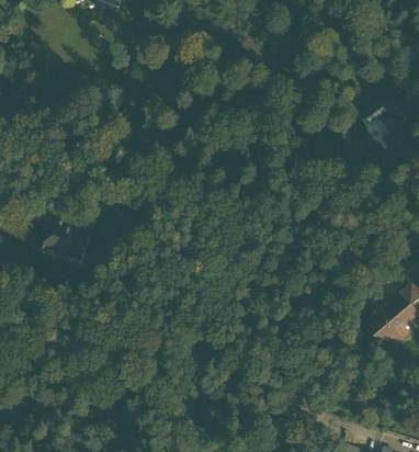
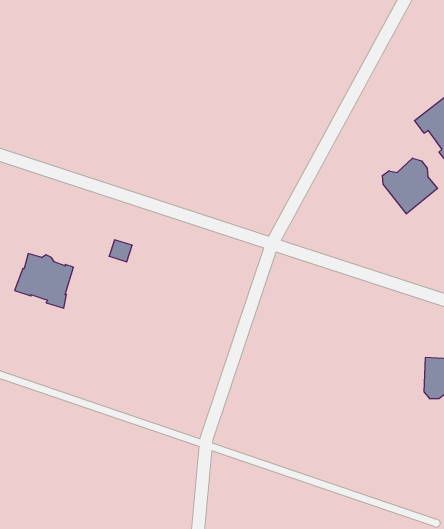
building: none -> [382,158,438,214]

